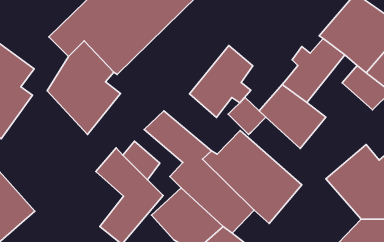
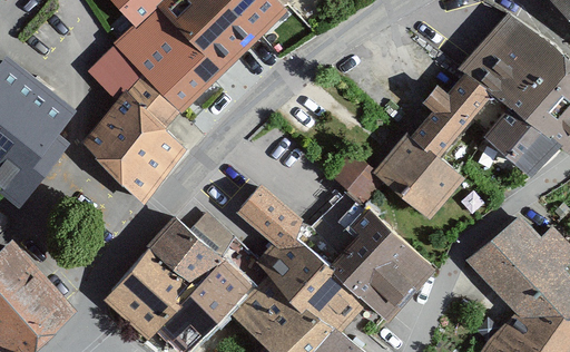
building: [189,46,253,117] -> none
building: none -> [107,252,188,341]

